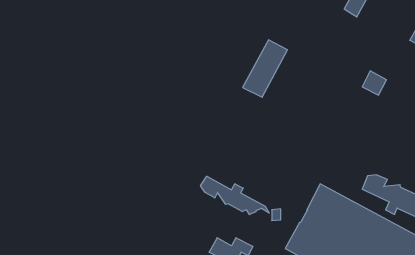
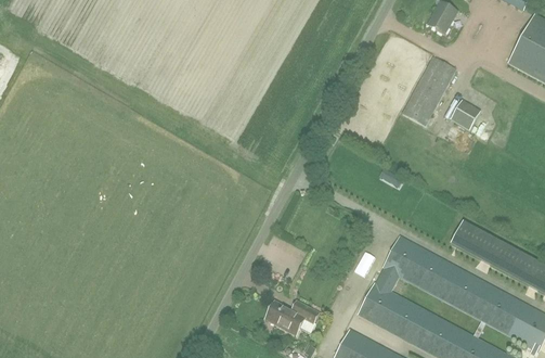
building: [243,40,287,97] -> [402,55,456,125]
building: [201,176,269,215] -> none

